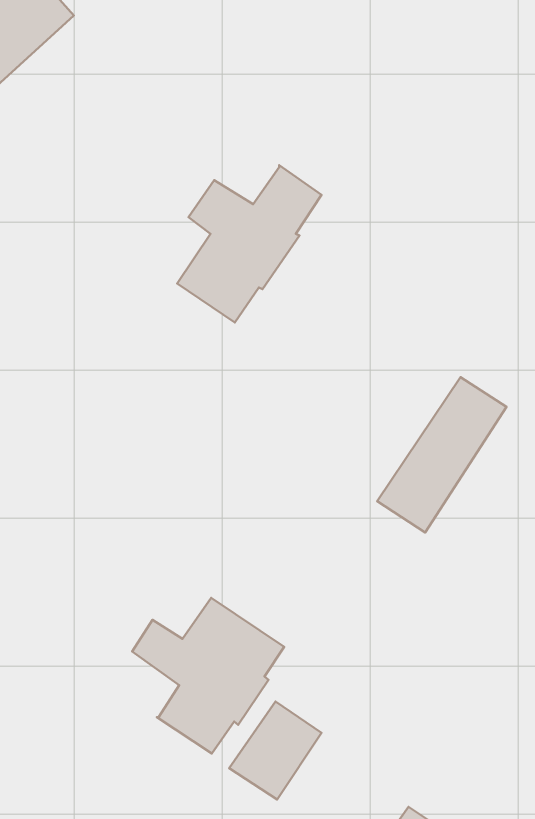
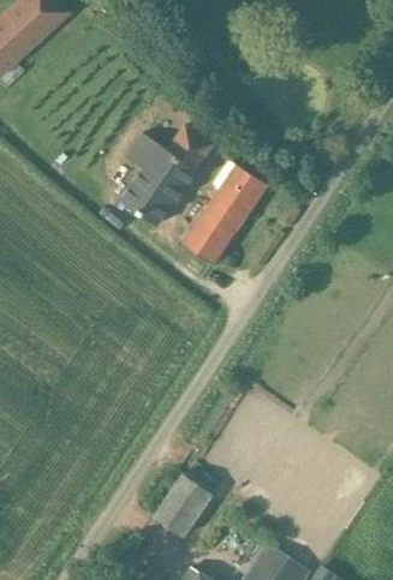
building: [377,377,507,532] -> [183,163,267,264]
building: [132,598,284,753] -> none

